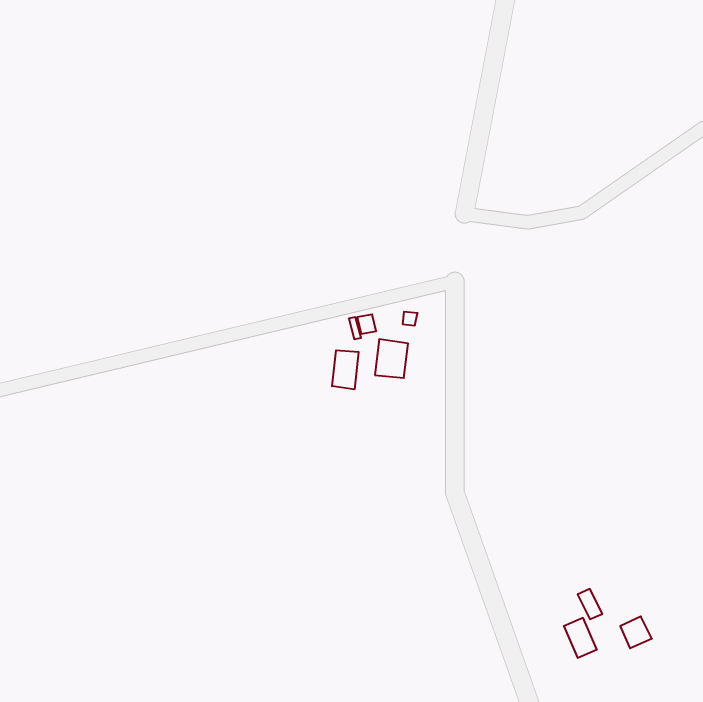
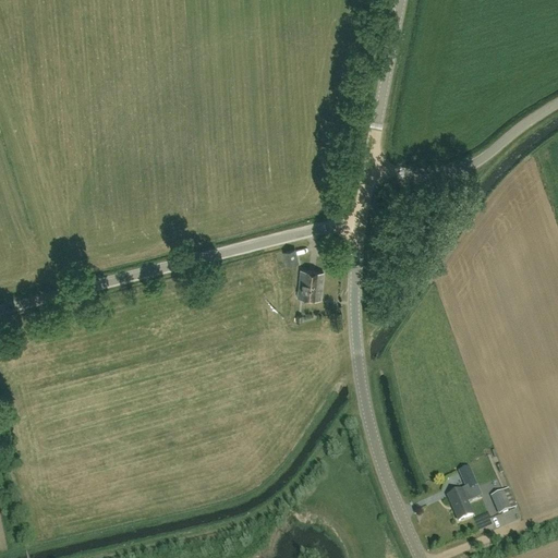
building: [332,350,359,389] -> none

